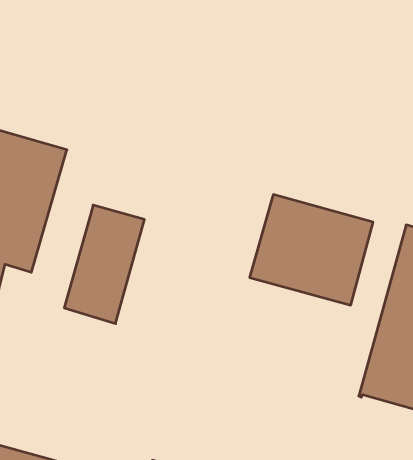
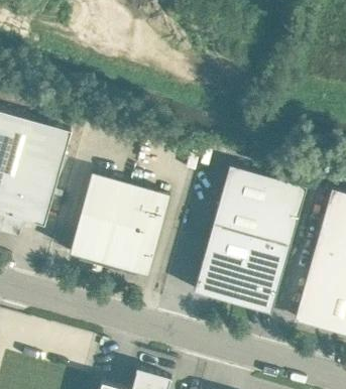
building: none -> [108,185,169,276]
building: none -> [194,230,289,314]

